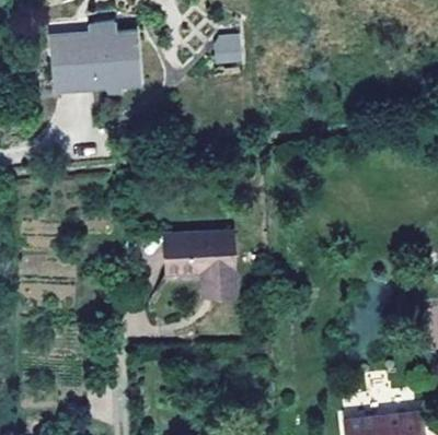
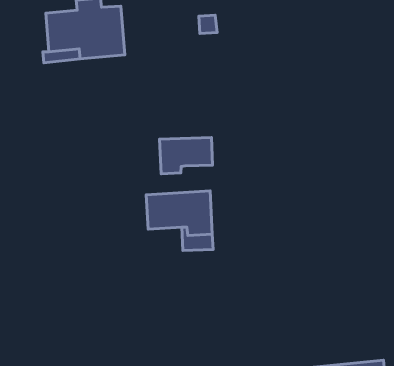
building: none -> [159,138,212,174]

